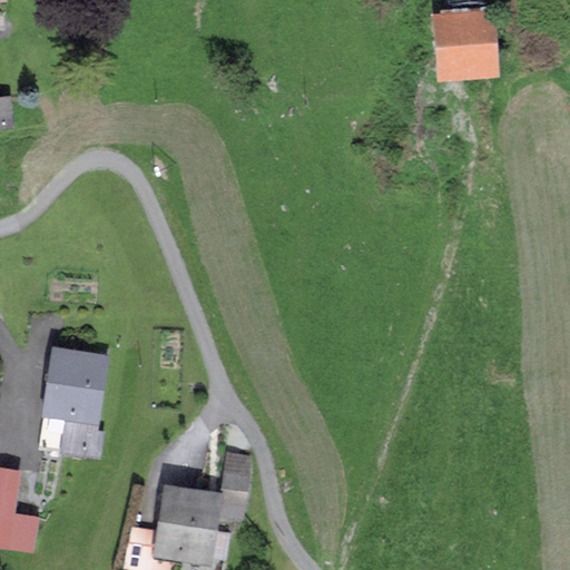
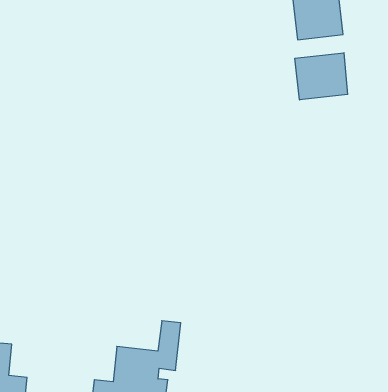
building: none -> [295,53,348,100]
building: [37,346,108,460] -> none

